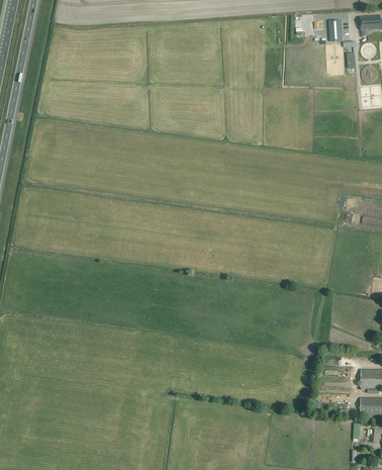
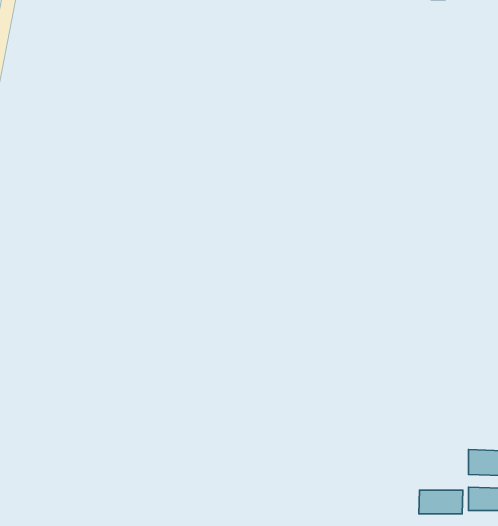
building: none -> [419,490,463,514]

